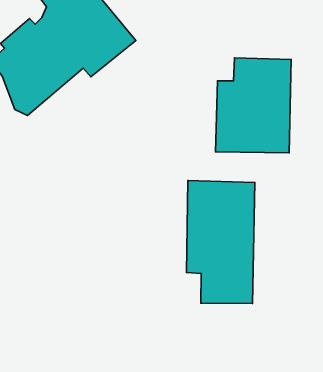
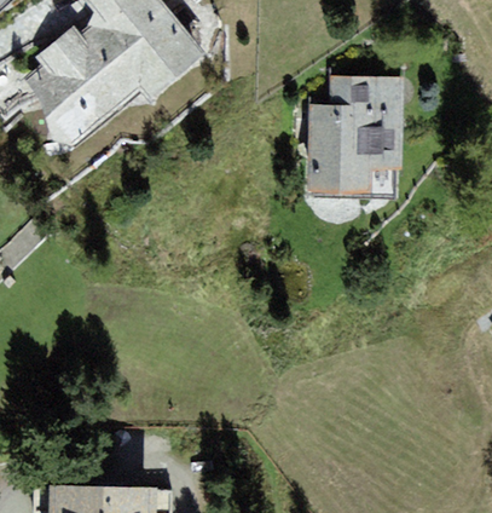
building: [186,180,255,303] -> none

